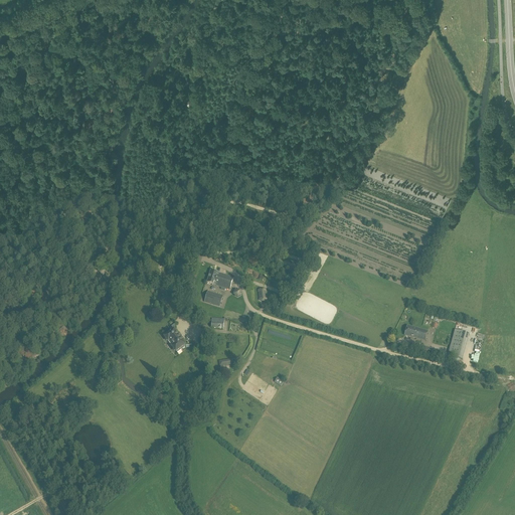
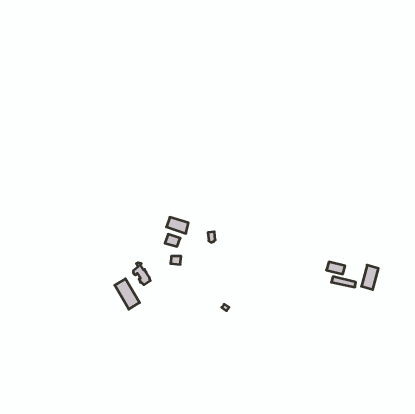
building: none -> [115,279,140,309]

